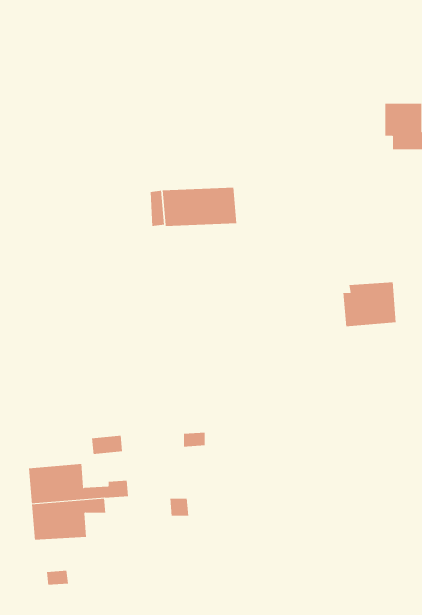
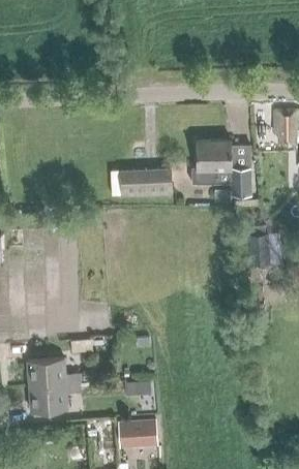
building: none -> [192,142,252,202]
building: none -> [120,421,158,446]

